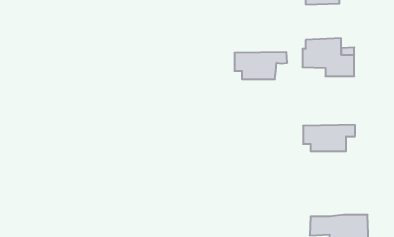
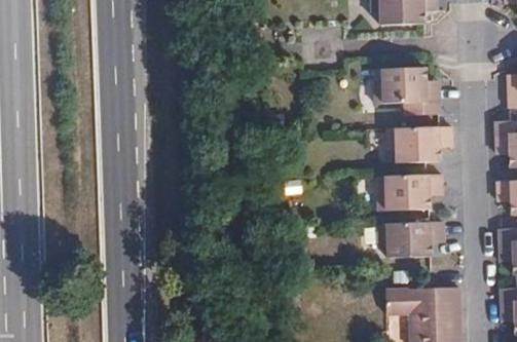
building: [234,52,287,79] -> [386,126,452,160]
building: none -> [379,221,445,254]

